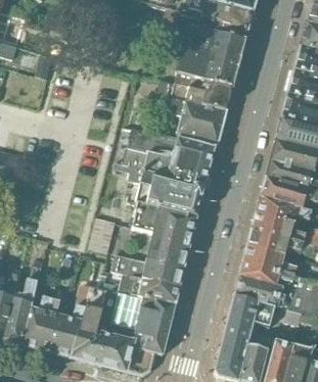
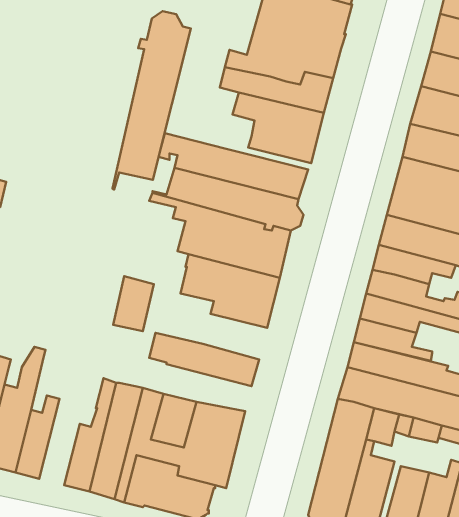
building: none -> [113,11,191,190]
building: [147,240,189,270] -> none
building: [103,273,179,303] -> none
building: [41,295,67,351] -> none

